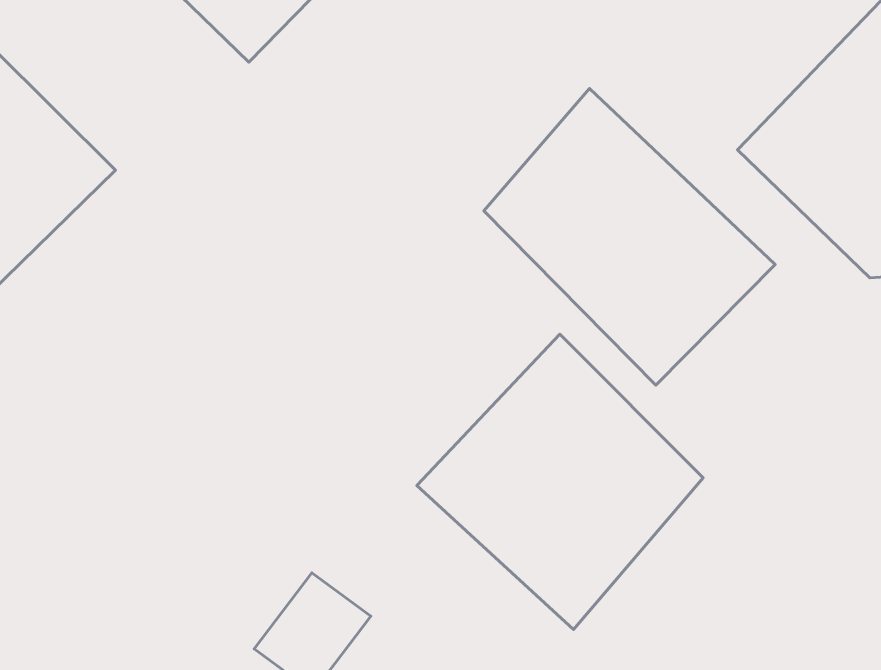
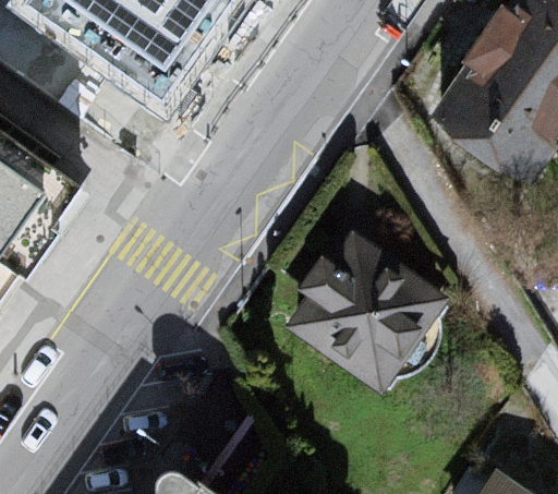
building: [484,89,775,385] -> none

